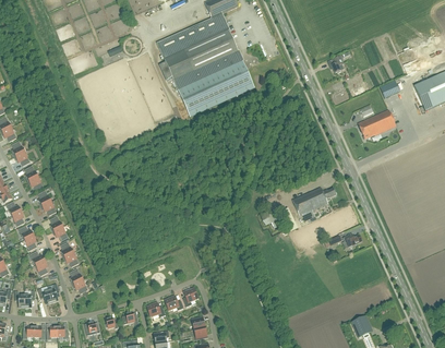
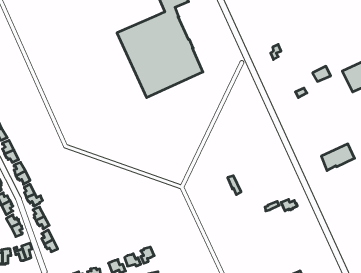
building: [358,109,396,140] -> [321,144,355,171]
building: [292,187,336,216] -> none

